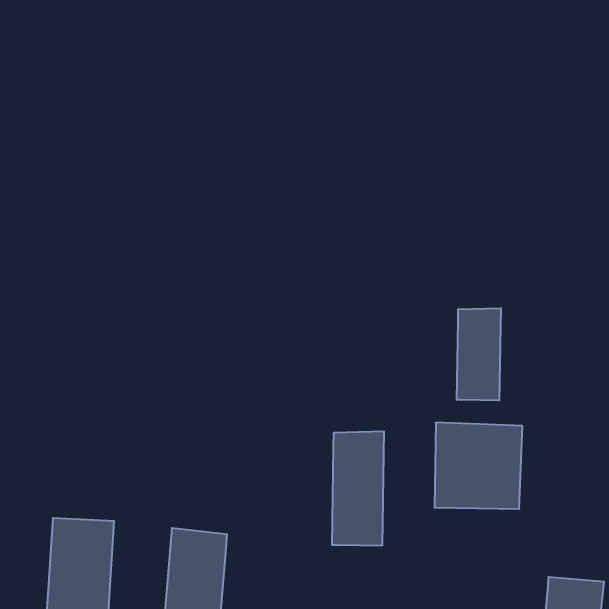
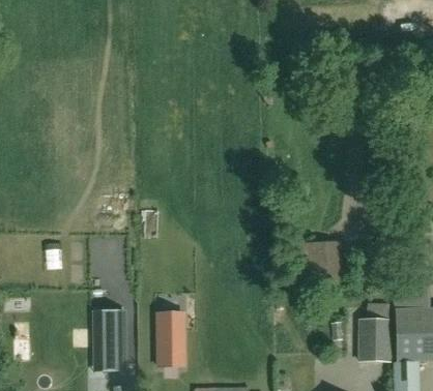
building: [457,308,501,401] -> none
building: [332,431,384,546] -> none

